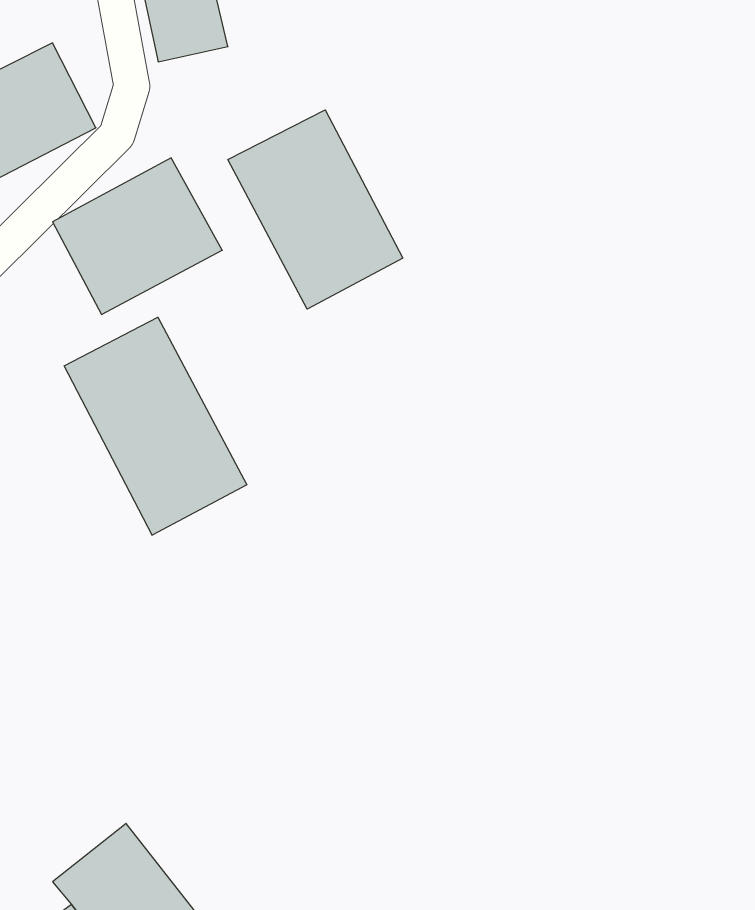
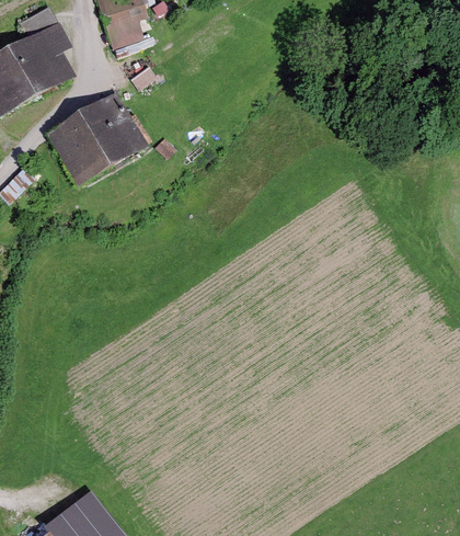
building: [228,110,403,309] -> none
building: [64,317,247,535] -> none

